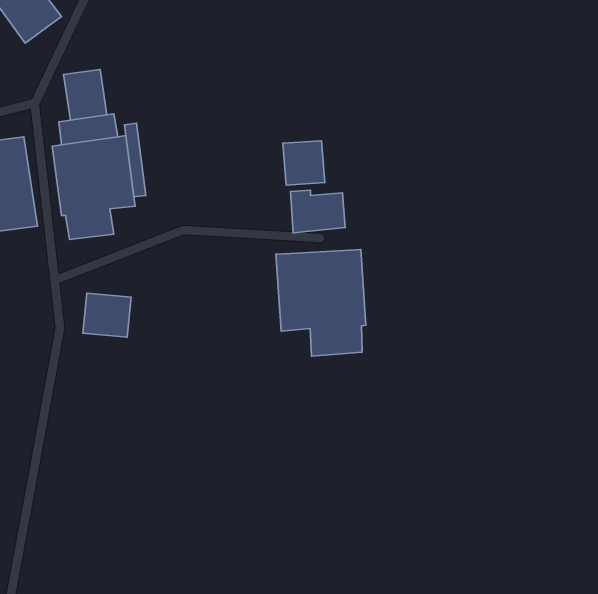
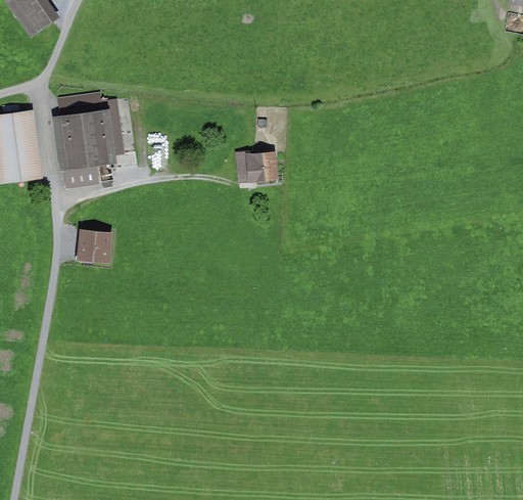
building: [64,69,107,120] -> none
building: [283,141,325,185] -> none
building: [276,249,366,356] -> none

